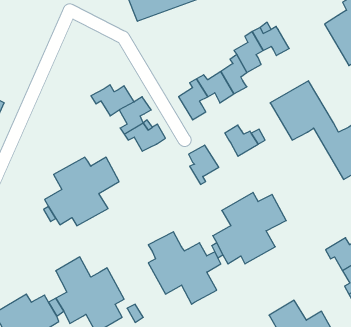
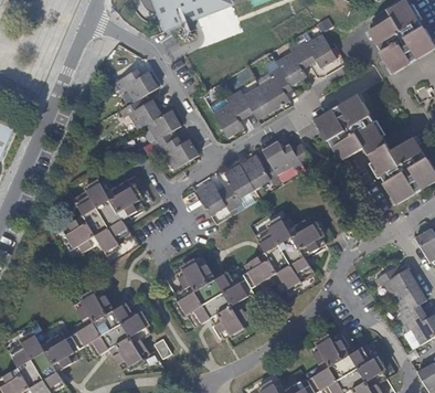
building: none -> [110,70,157,102]
building: none -> [240,153,279,188]
building: none -> [193,181,235,214]

